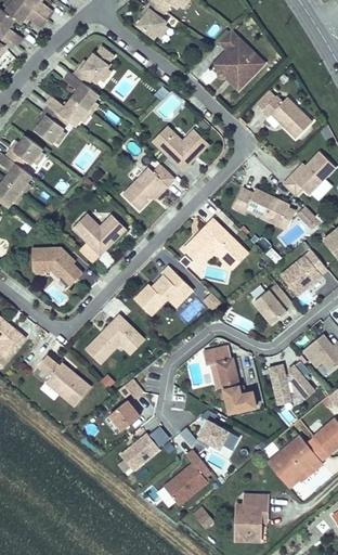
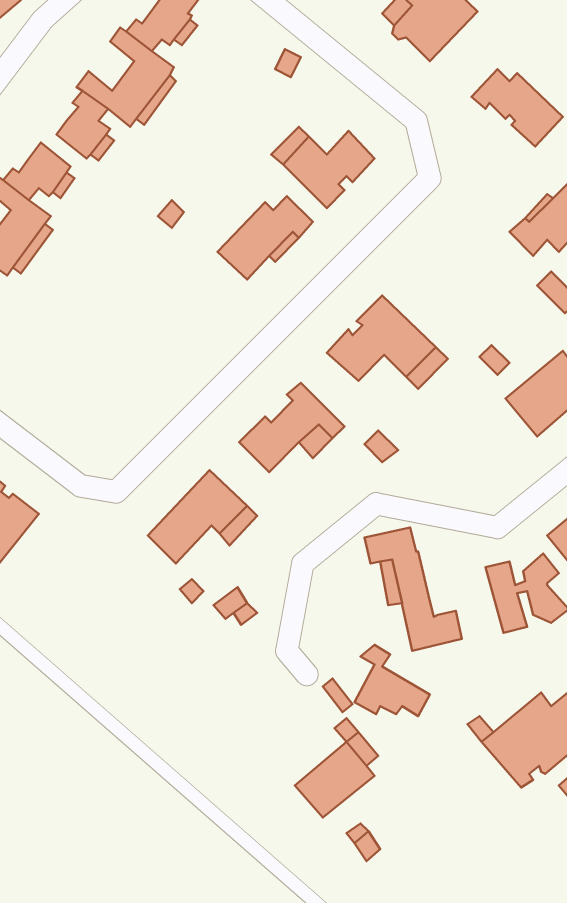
building: [232,188,289,224] -> none
building: [72,214,126,255] -> none
building: [30,247,82,285] -> none
building: [254,282,291,323] -> none
building: [37,356,90,406] -> none
building: [109,399,140,429] -> none
building: [120,431,160,469] -> none
building: [235,494,266,540] -> none

